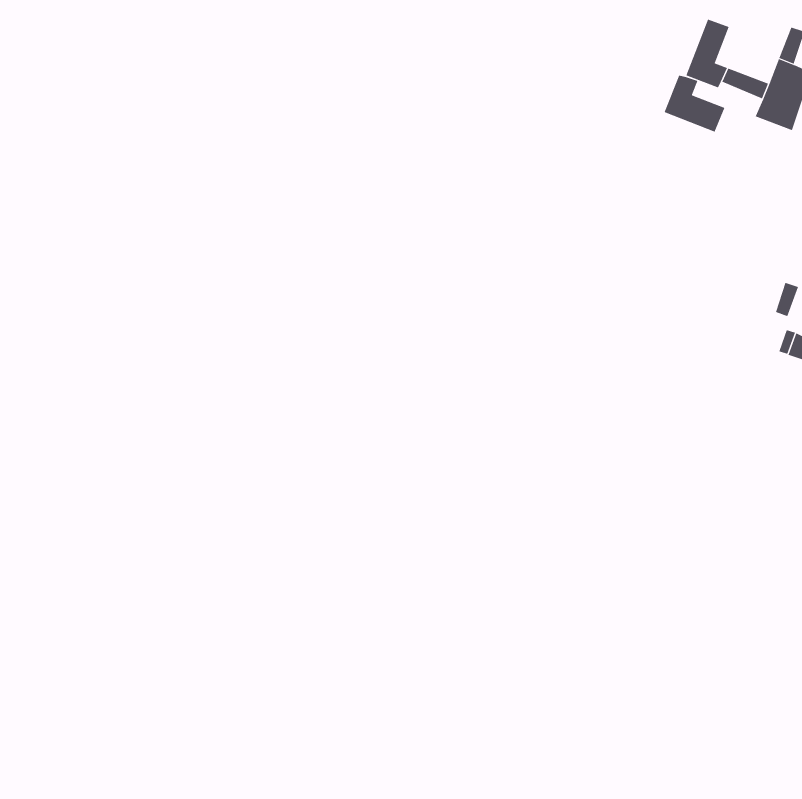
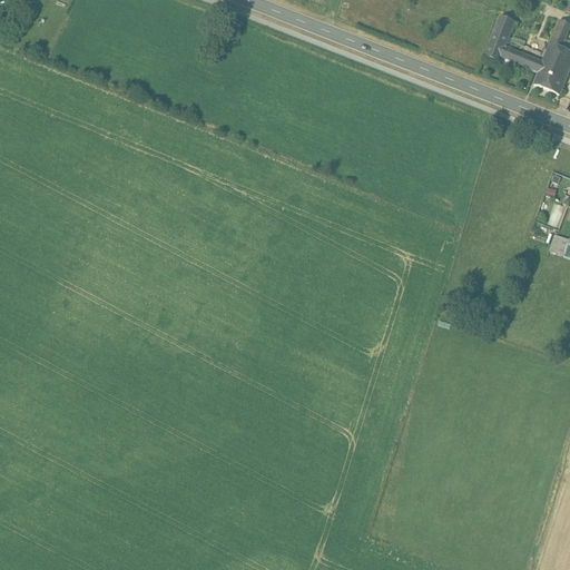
building: [664,75,725,132] -> none

